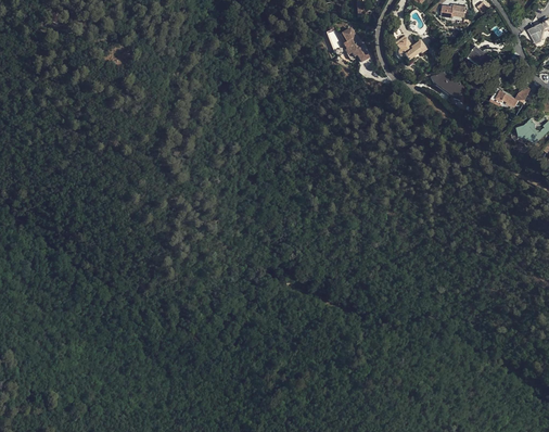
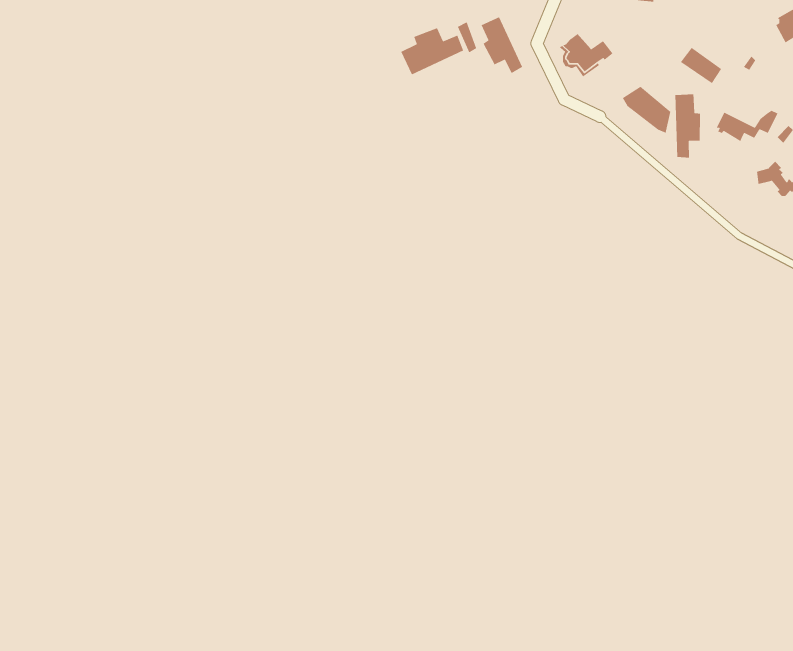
building: none -> [400,27,464,76]
building: none -> [674,94,701,158]

